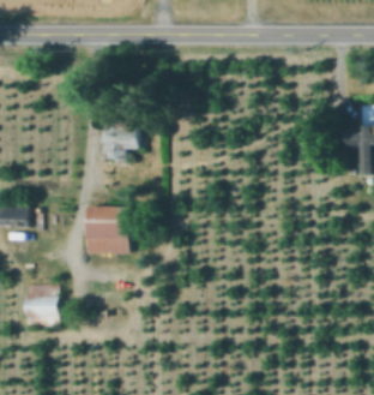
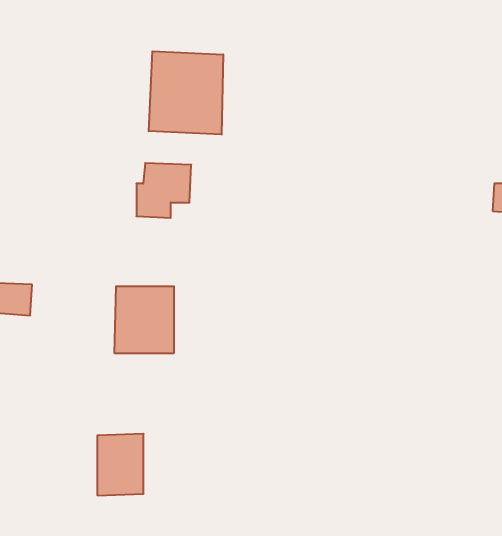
building: none -> [149,51,223,135]
building: [25,283,58,327] -> [97,434,144,495]

